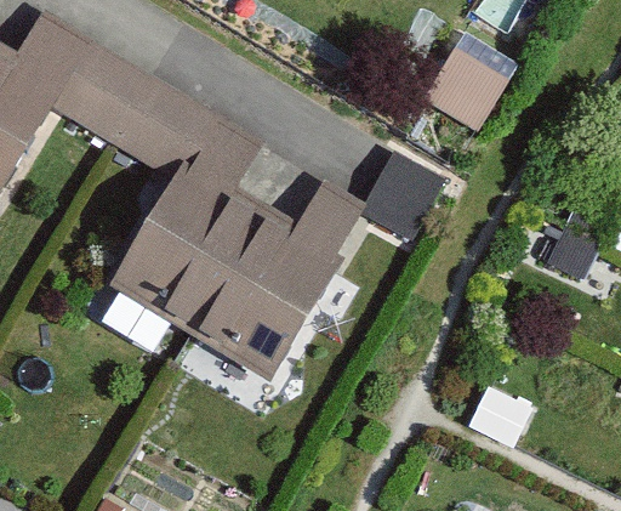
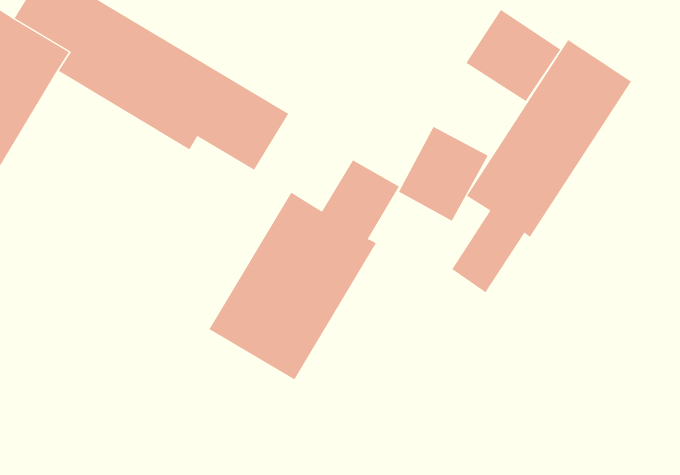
building: none -> [452,39,632,293]
building: [106,163,263,336] -> none

